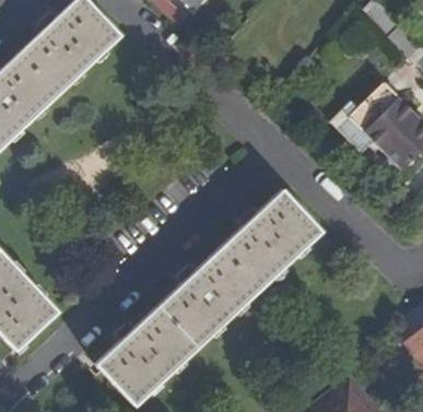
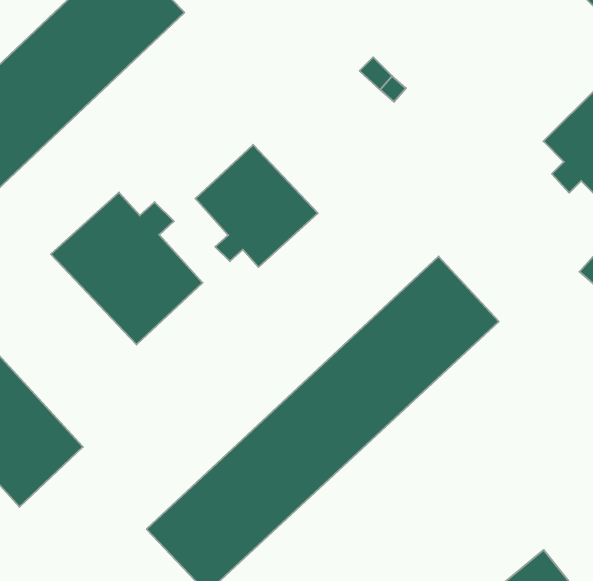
building: none -> [195,145,318,267]
building: none -> [51,192,203,345]

